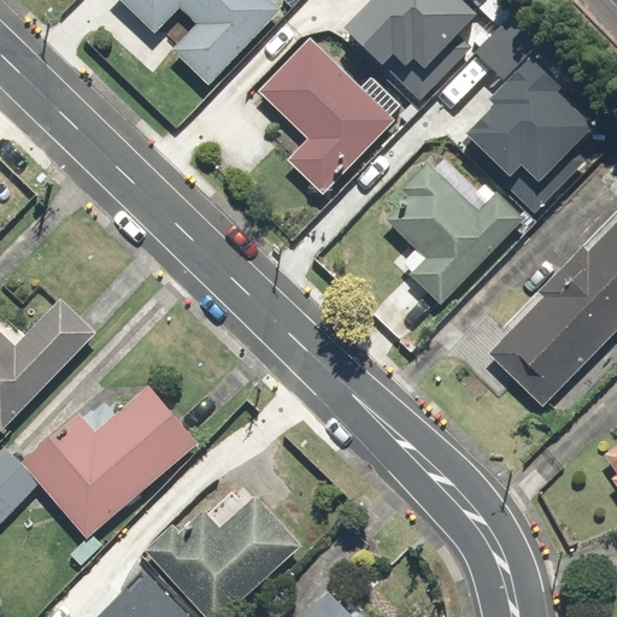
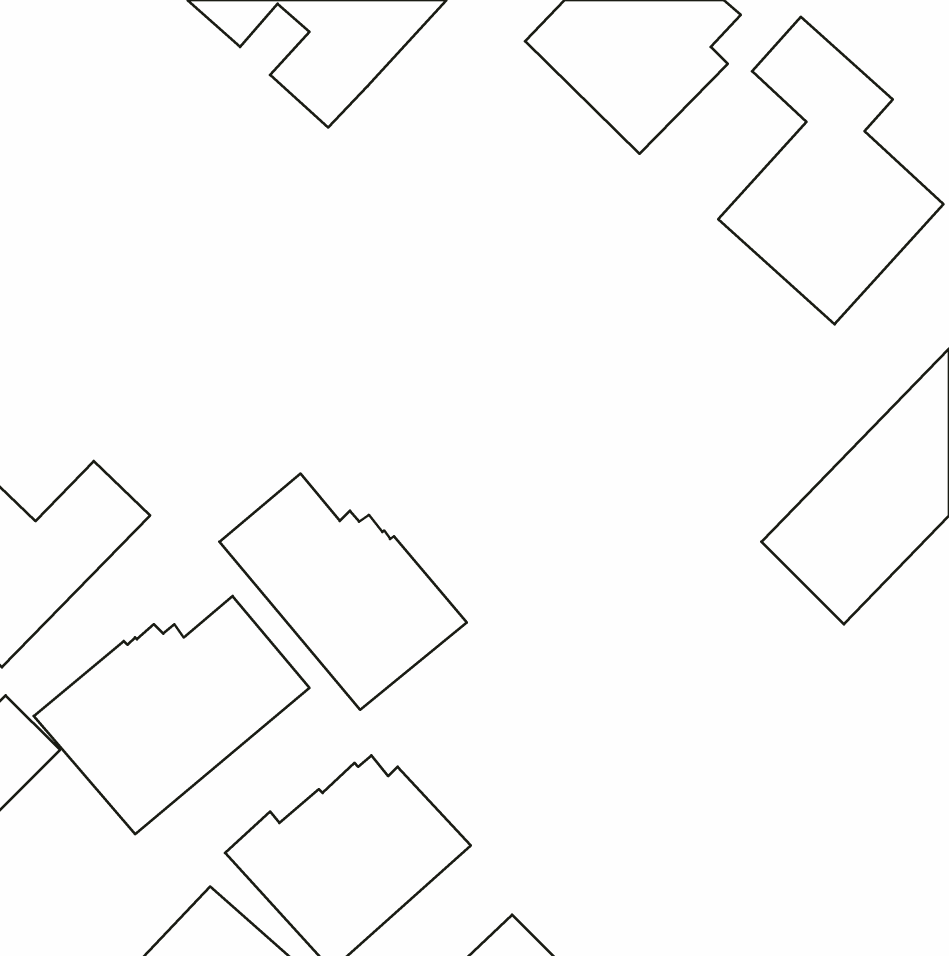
building: [258,39,390,196] -> none
building: [382,166,524,304] -> none
building: none -> [219,474,467,710]

